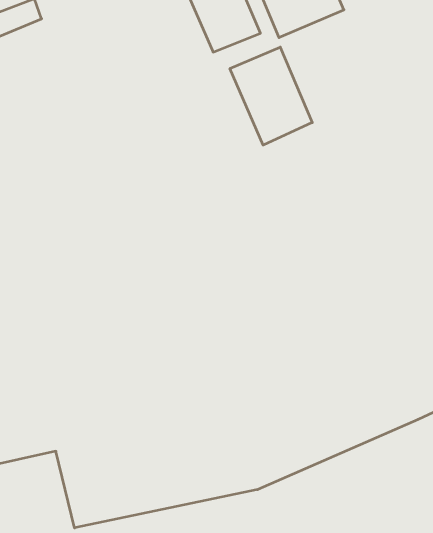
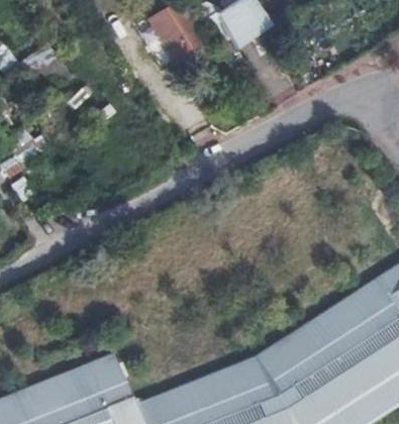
building: [230,47,312,145] -> none

